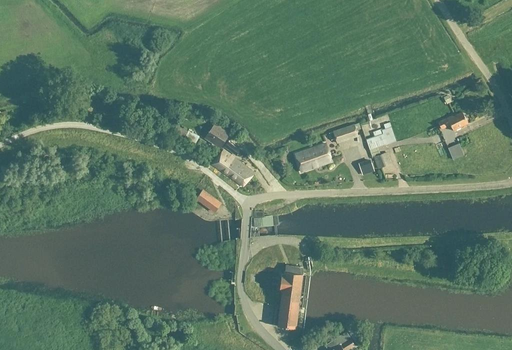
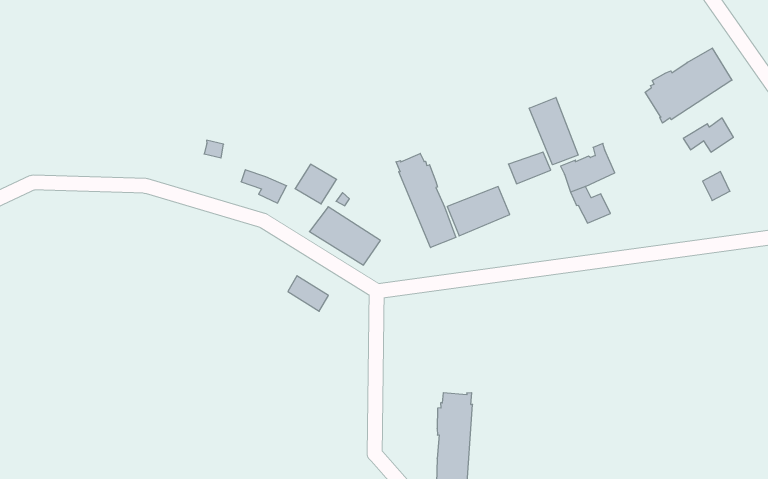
building: none -> [645,48,732,123]
building: none -> [529,97,578,165]
building: none -> [396,153,456,248]

